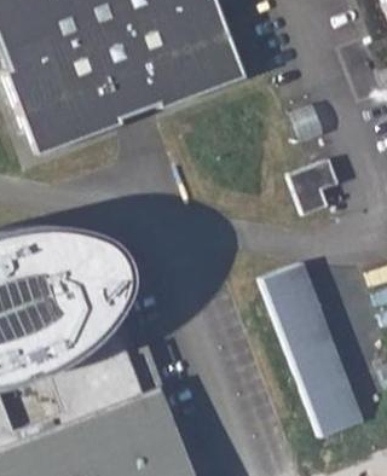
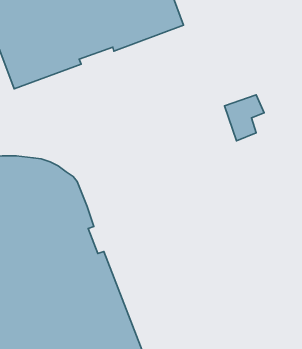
building: [266,272,368,445] -> none

